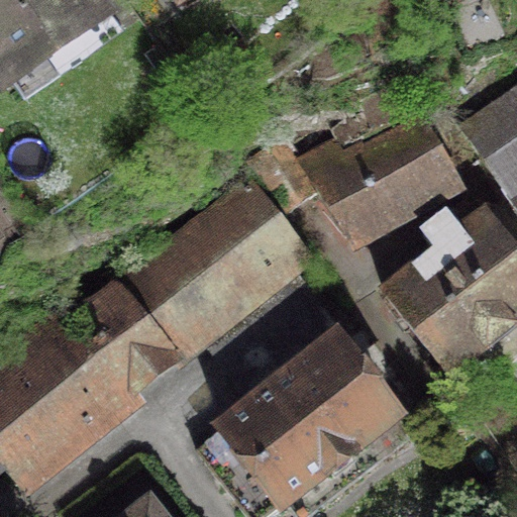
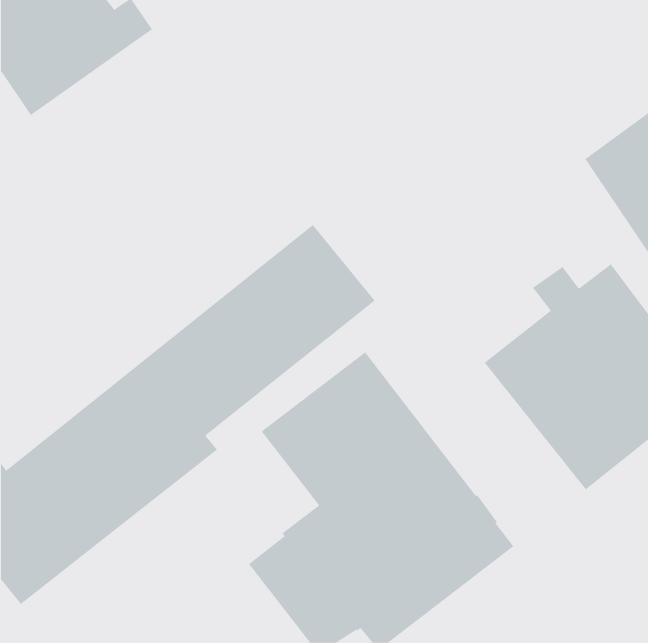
building: [247,117,457,231] -> none

